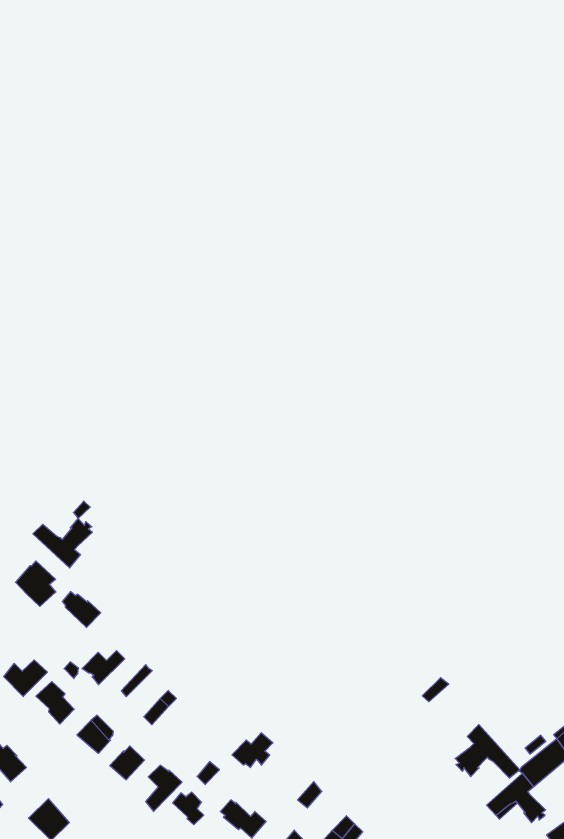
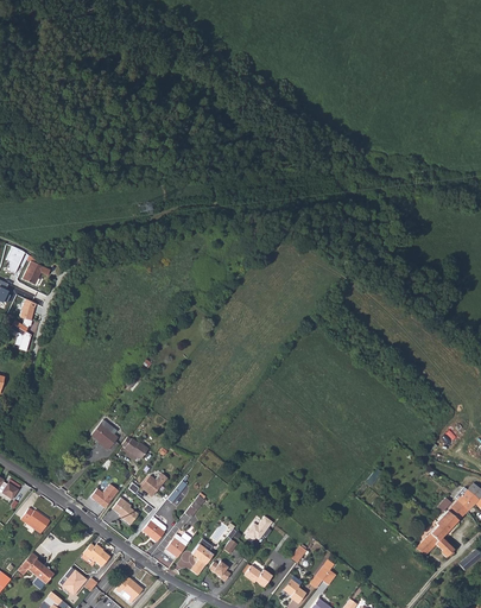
building: [33,518,92,568] -> none
building: [455,725,520,778] -> none

